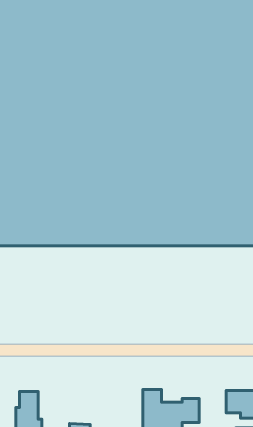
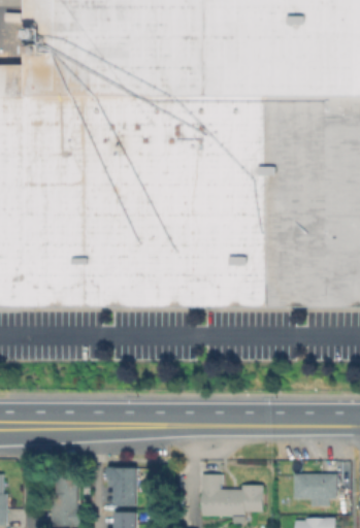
building: none -> [108,465,142,507]

